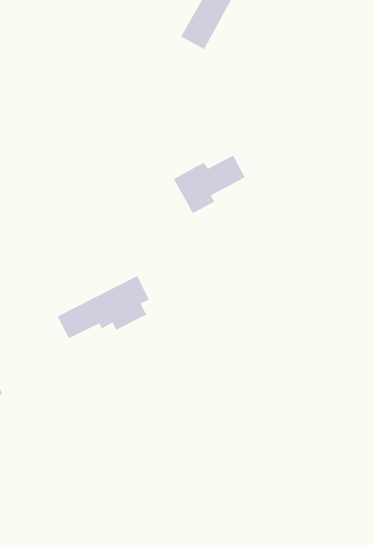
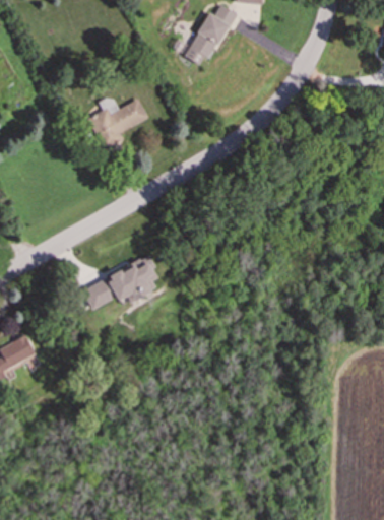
building: [173,155,246,214] -> [87,99,148,148]

